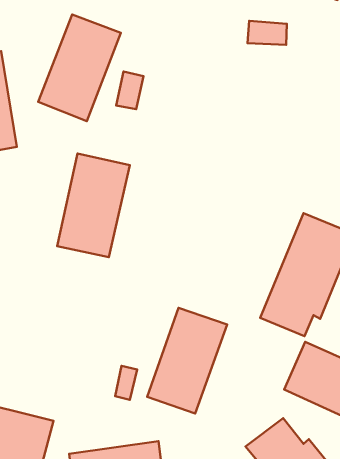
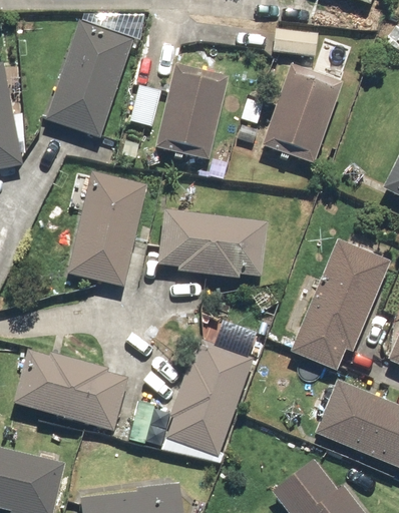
building: none -> [269,64,343,162]
building: none -> [157,67,229,159]
building: none -> [161,211,269,280]
building: none -> [14,351,128,431]

